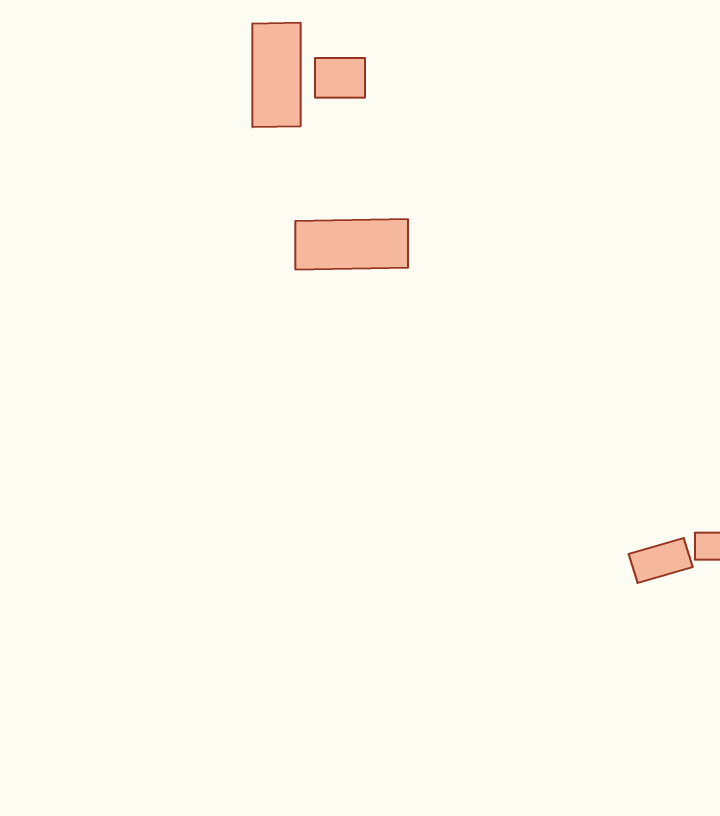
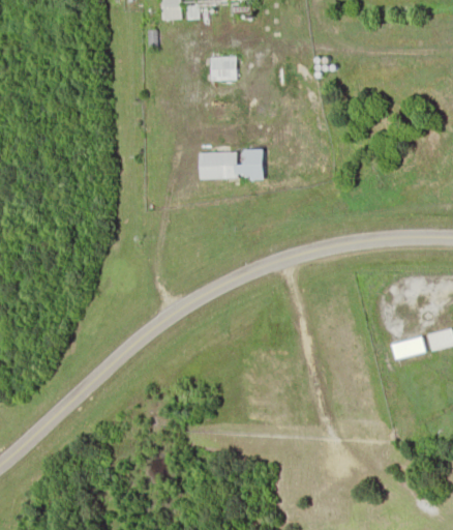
building: [253,23,300,127] -> none

